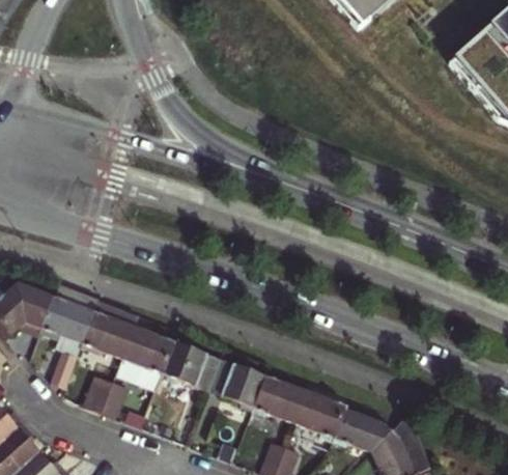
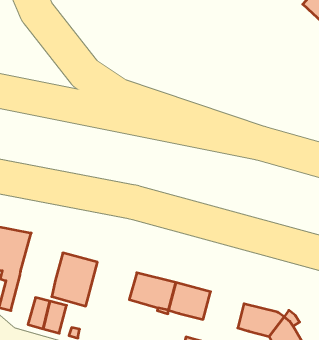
building: [80,297,138,357] -> none
building: [162,340,220,389] -> none
building: [293,390,346,437] -> none

